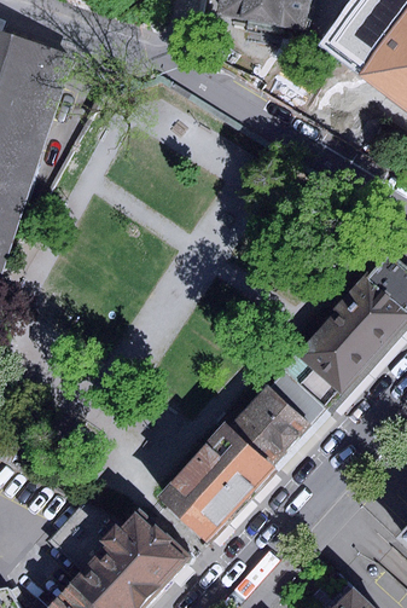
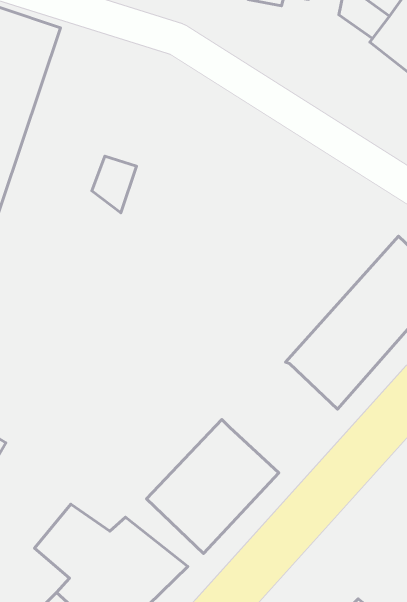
building: none -> [92,156,136,213]
building: [229,367,330,469] -> none

